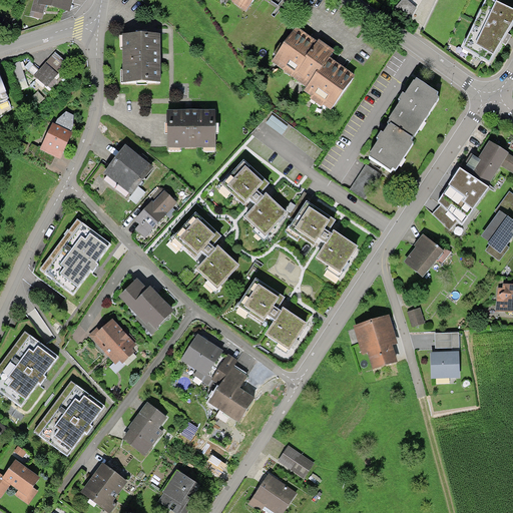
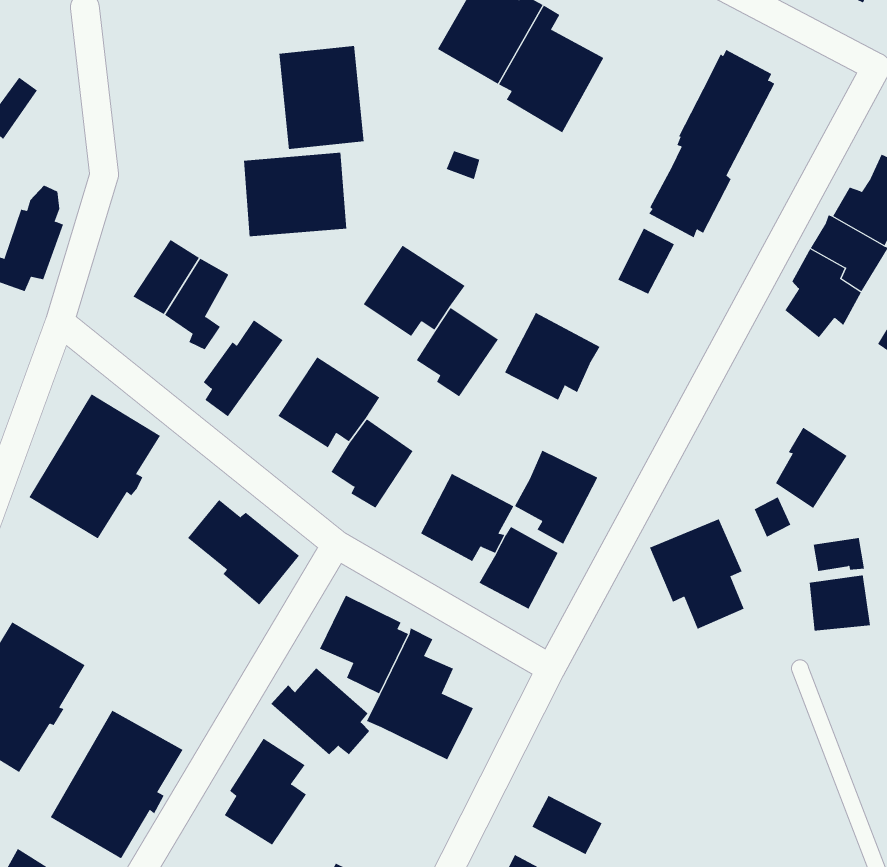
building: [120,34,159,83] -> [278,46,365,149]
building: [315,229,359,279] -> [514,450,598,545]
building: [405,233,443,276] -> [775,427,848,509]
building: [87,318,136,364] -> [271,668,370,755]

